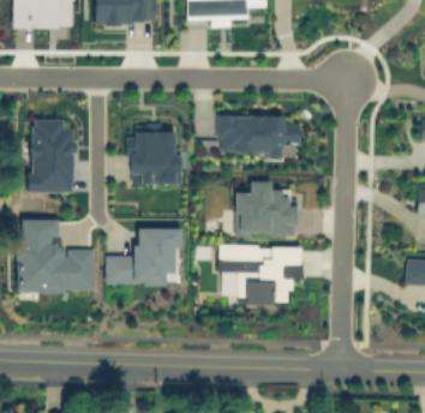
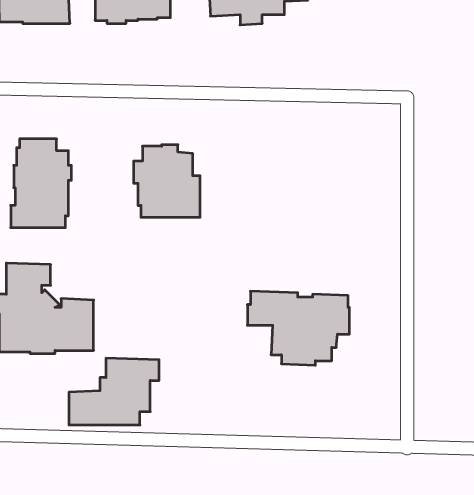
building: [216,115,298,161] -> none
building: [234,182,298,237] -> none
building: [104,229,178,283] -> [69,358,159,425]

